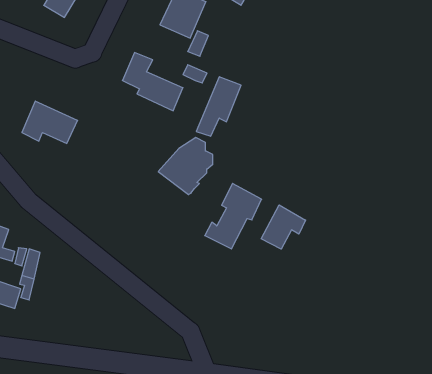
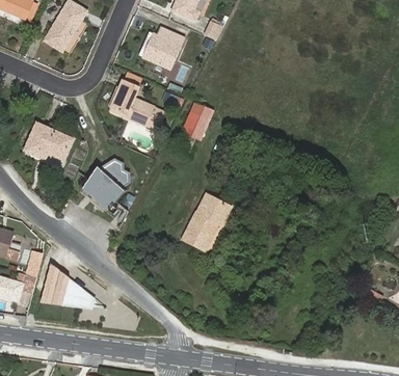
building: [158,138,213,195] -> [82,159,129,208]
building: [261,205,306,249] -> none
building: none -> [39,263,94,307]

